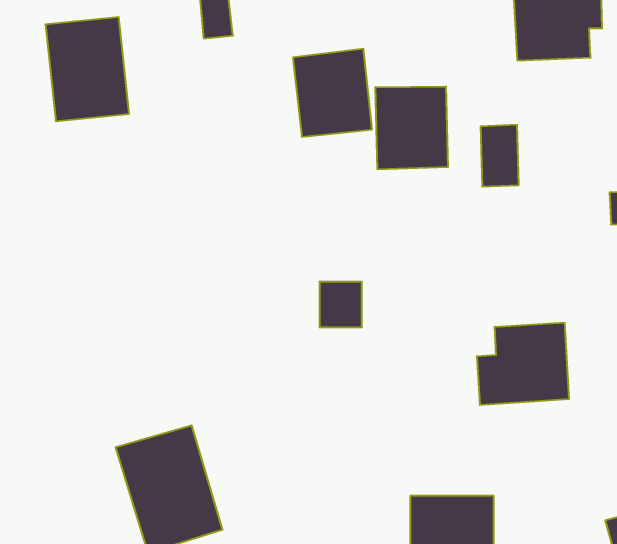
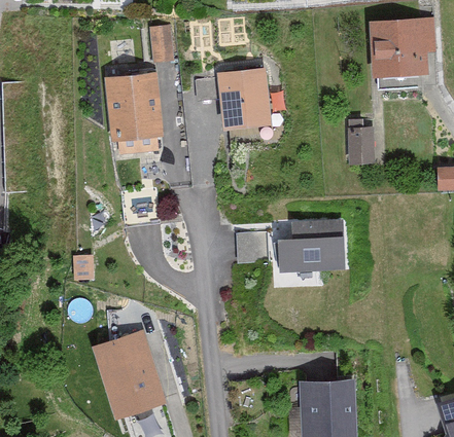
building: [45,17,129,121] -> [104,72,163,145]
building: [376,86,448,169] -> none
building: [477,323,569,405] -> [278,216,343,274]

